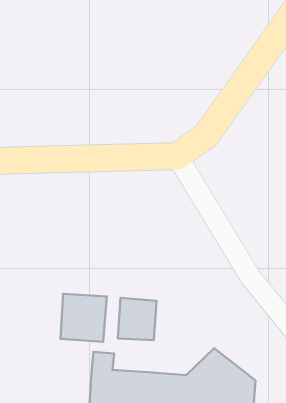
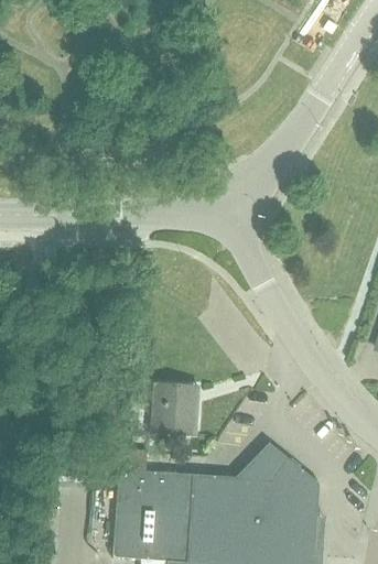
building: [60,294,107,342] -> none

